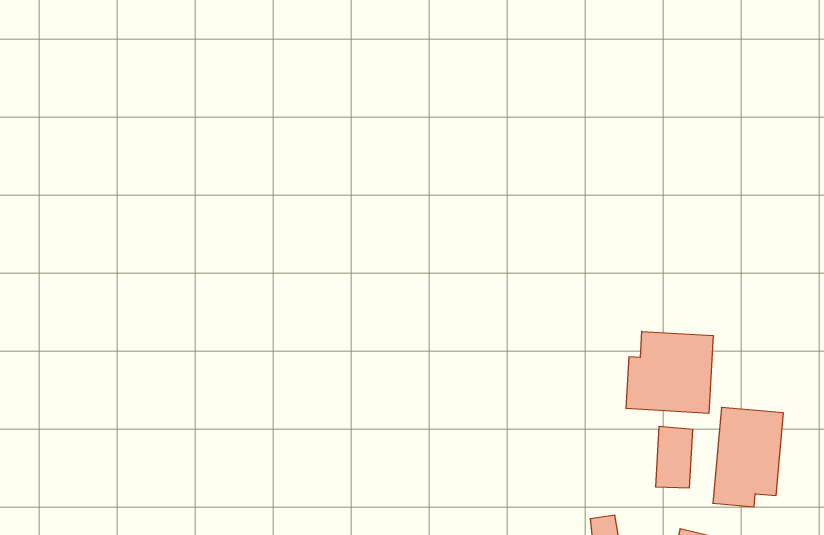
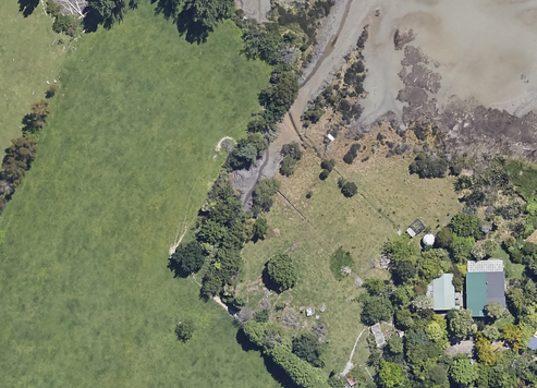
building: [626,331,713,413] -> none

